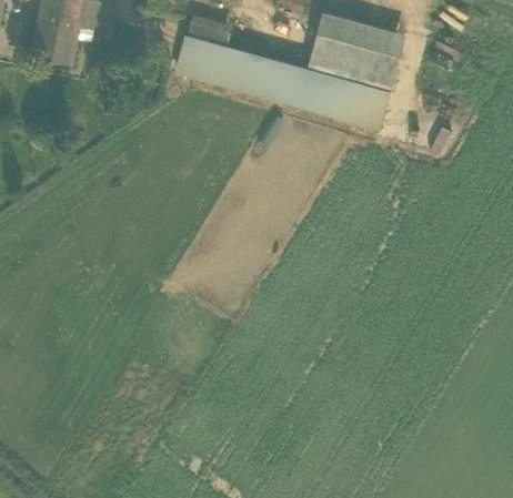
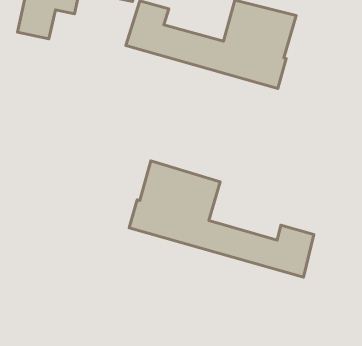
building: none -> [129,161,314,277]

